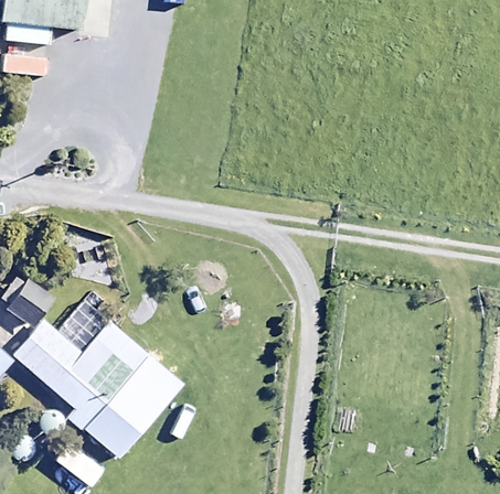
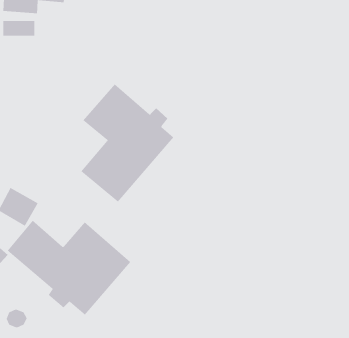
building: none -> [81,84,174,203]

